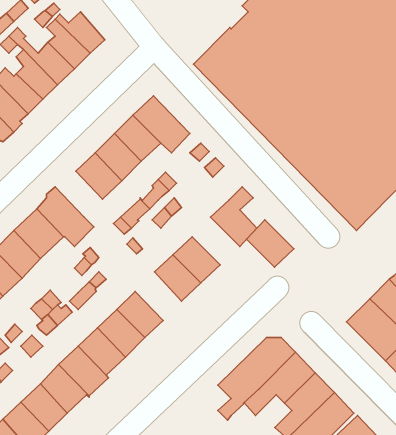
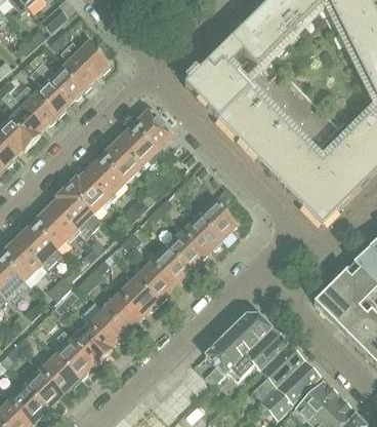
building: none -> [68,173,108,212]
building: [246,220,294,267] -> [183,212,223,253]
building: none -> [135,259,174,300]

